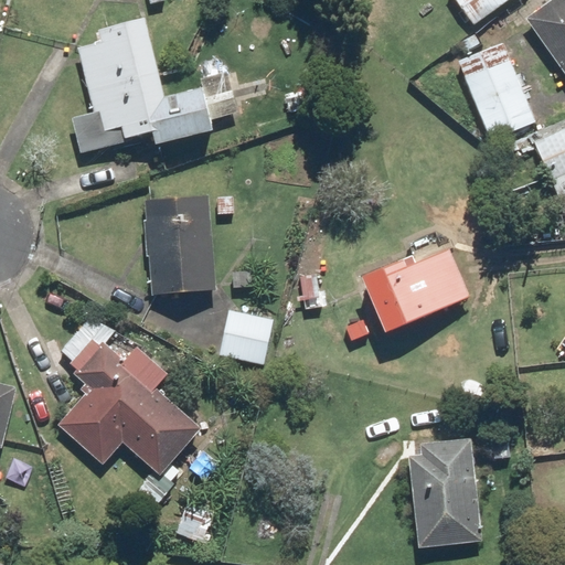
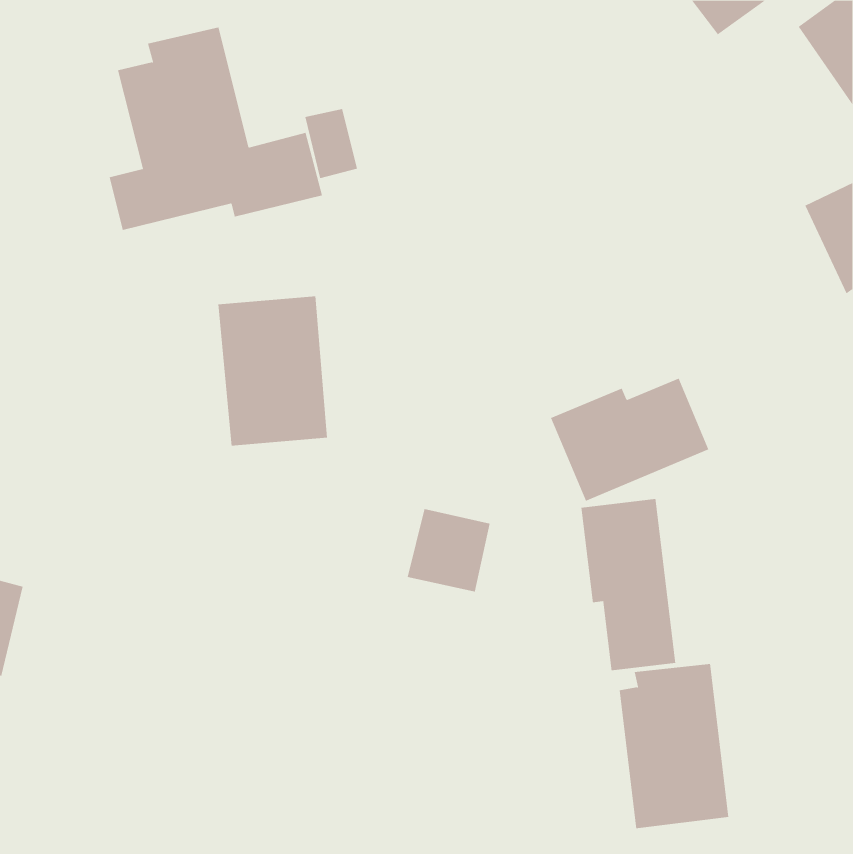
building: [458,43,534,139] -> none
building: [217,309,273,364] -> [407,509,491,592]
building: [57,327,200,475] -> none
building: none -> [581,498,676,671]

